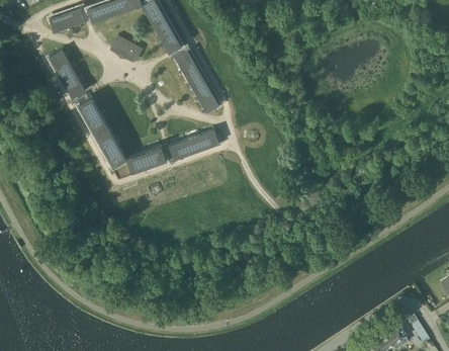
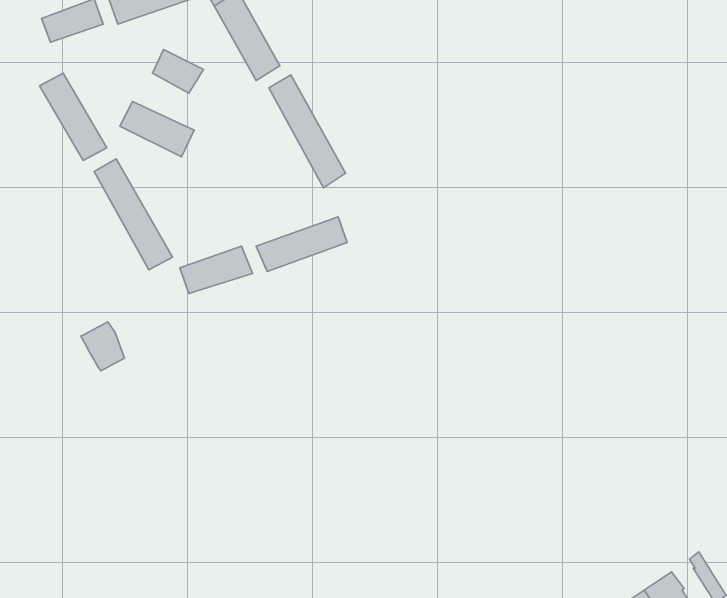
building: none -> [120,102,194,157]
building: [107,151,131,178] -> [81,322,124,371]

